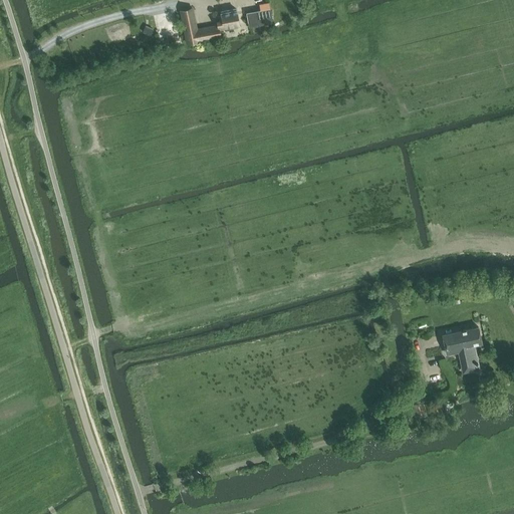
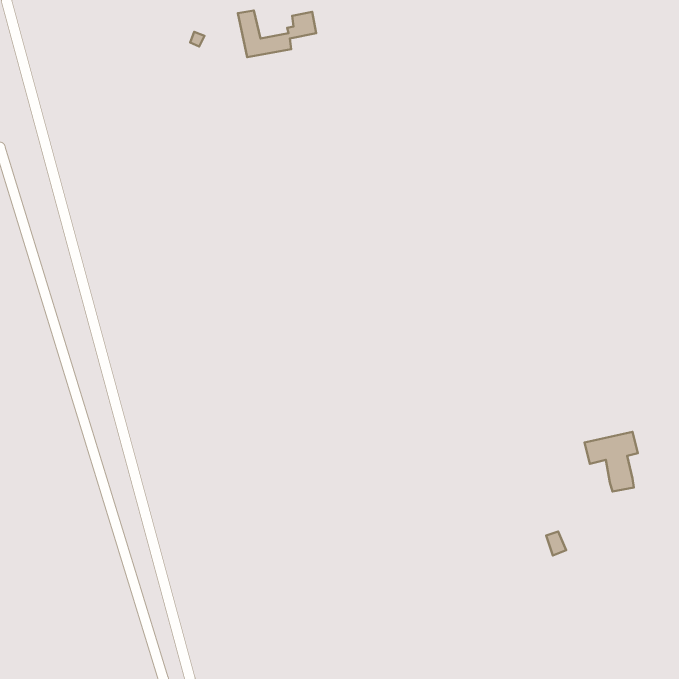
building: [246,8,272,27] -> none

